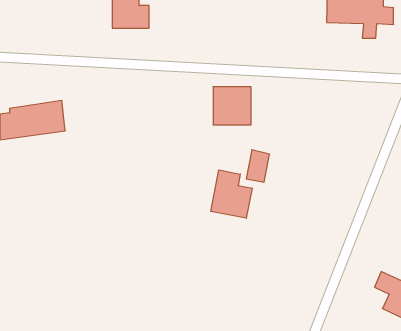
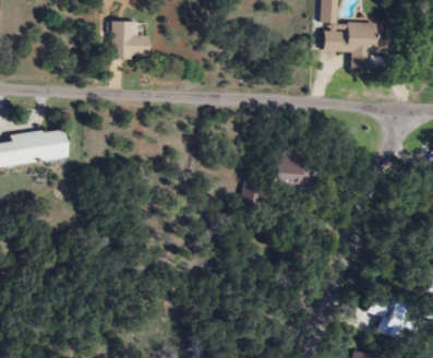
building: [213,87,251,125] -> [274,150,311,187]
building: [211,170,252,218] -> none

